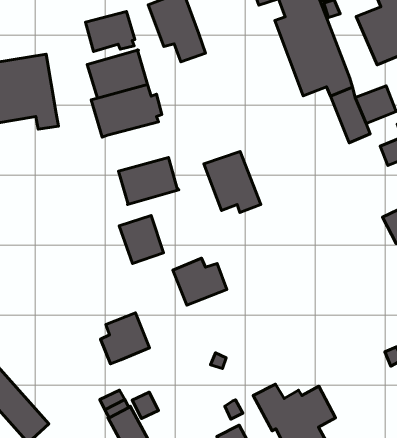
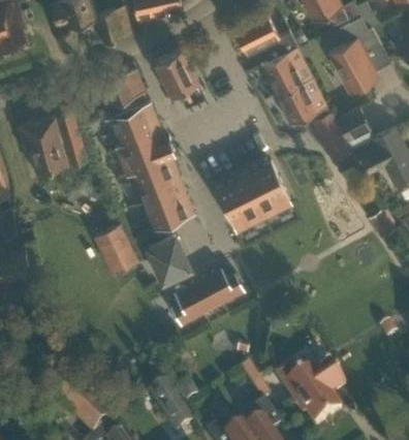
building: none -> [132,160,185,205]
building: none -> [244,163,290,220]
building: none -> [97,227,137,276]
building: [100,313,149,364] -> [171,282,213,326]

